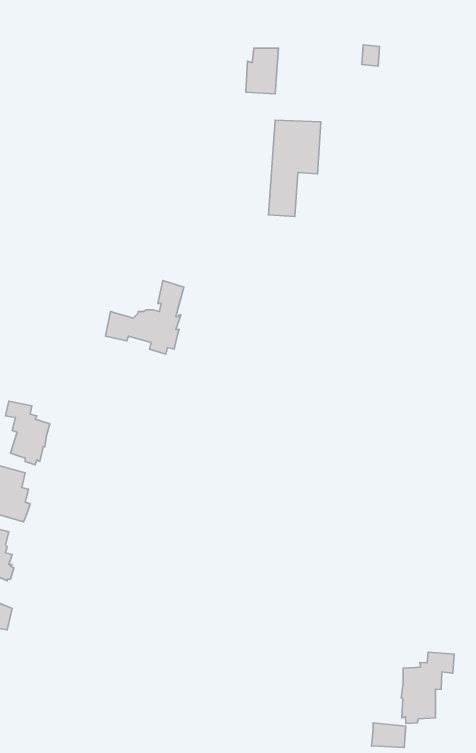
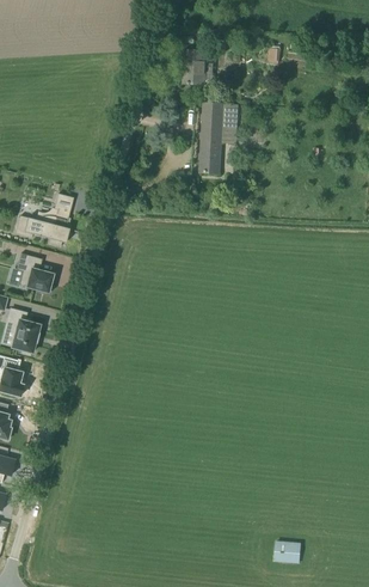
building: [106,280,184,354] -> [16,191,73,245]
building: none -> [16,251,54,291]
building: [401,652,454,723] -> none

